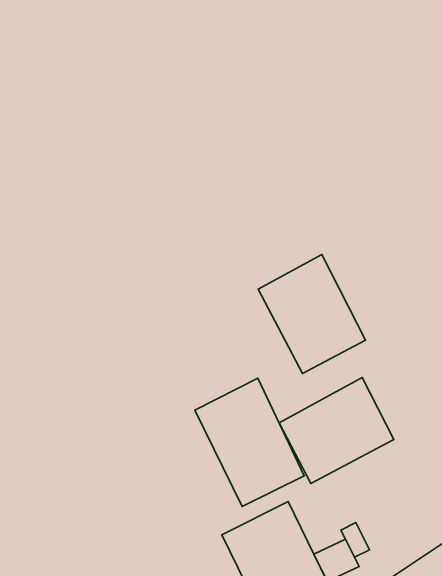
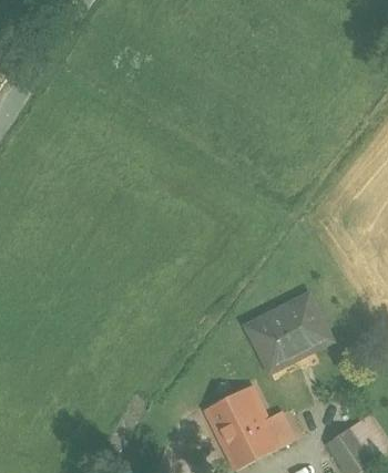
building: [258,255,365,373] -> none
building: [195,378,304,507] -> none

